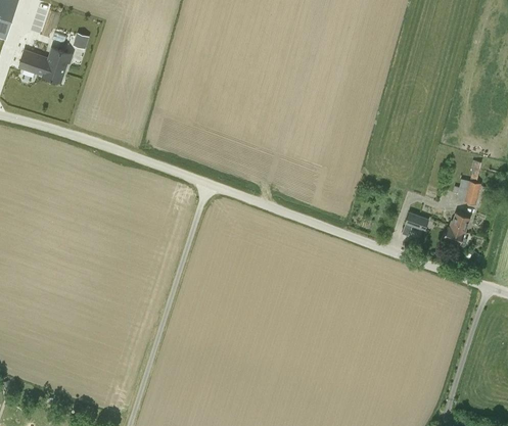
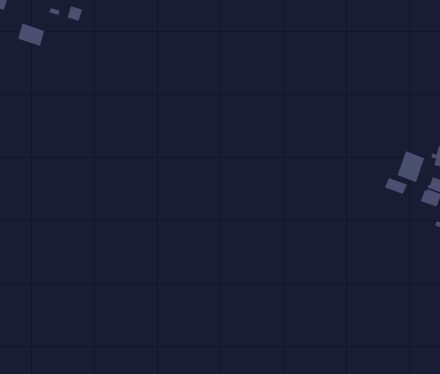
building: [43,48,73,82] -> none
building: none -> [397,150,425,183]

